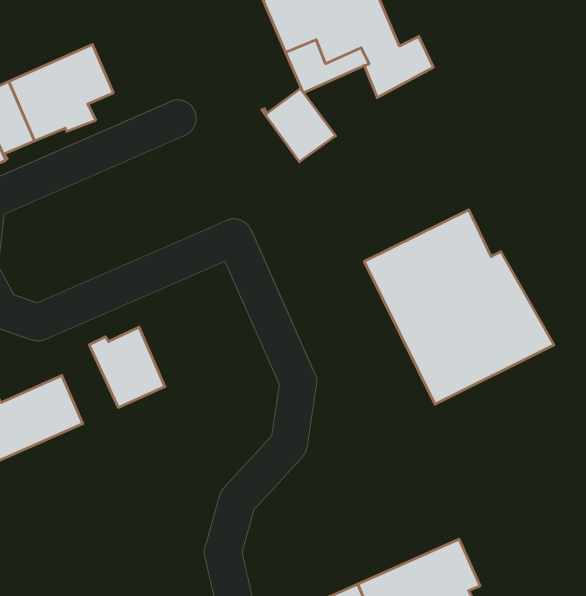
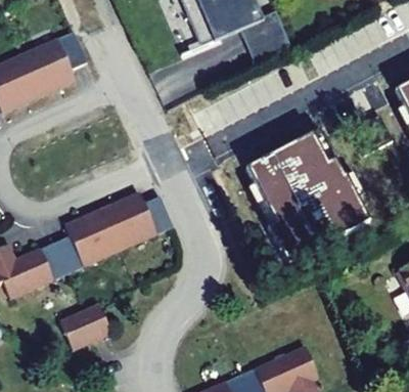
building: [262,89,336,162] -> none
building: none -> [103,191,173,248]
building: none -> [54,221,90,271]
building: none -> [59,303,110,348]

